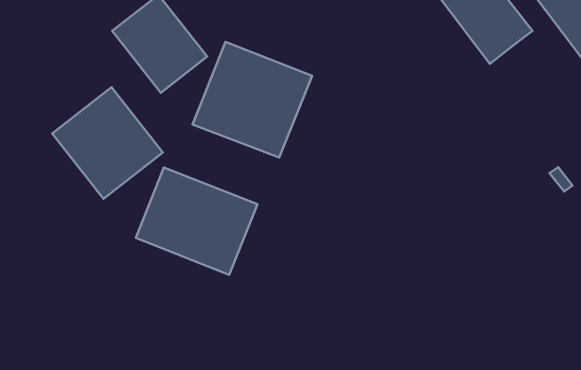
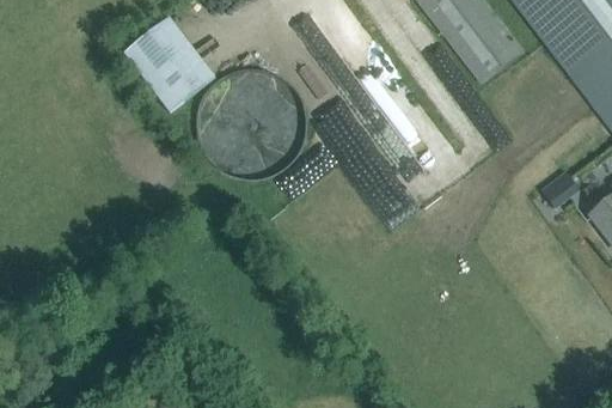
building: [52,87,163,199] -> none
building: [136,167,257,275] -> none

